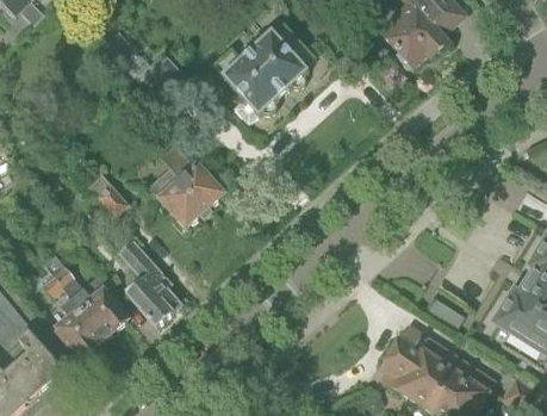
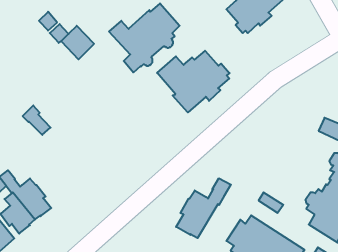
building: none -> [157,51,230,112]
building: [148,143,222,225] -> none
building: [106,225,181,325] -> none
building: none -> [176,178,231,238]

